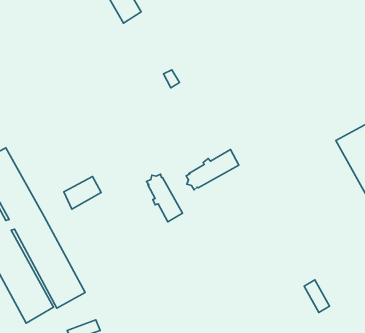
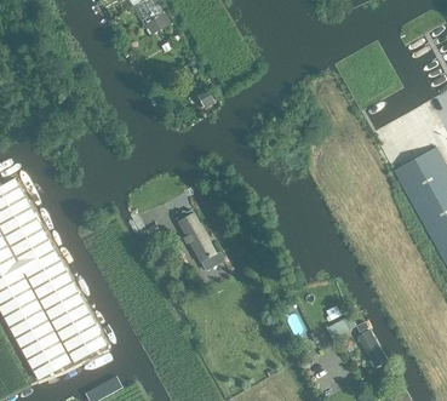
building: [186,150,239,190] -> none
building: [64,176,101,209] -> none

